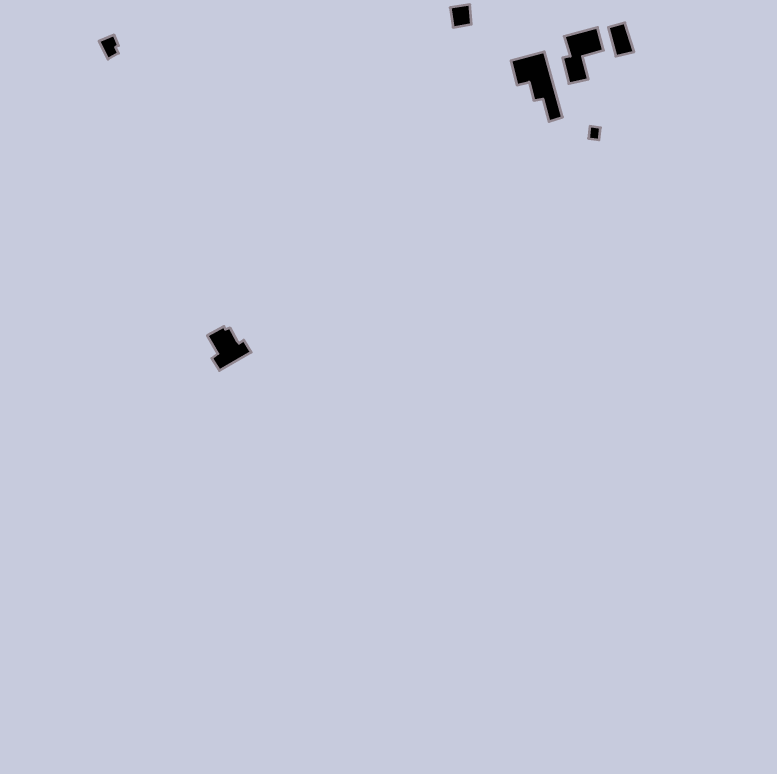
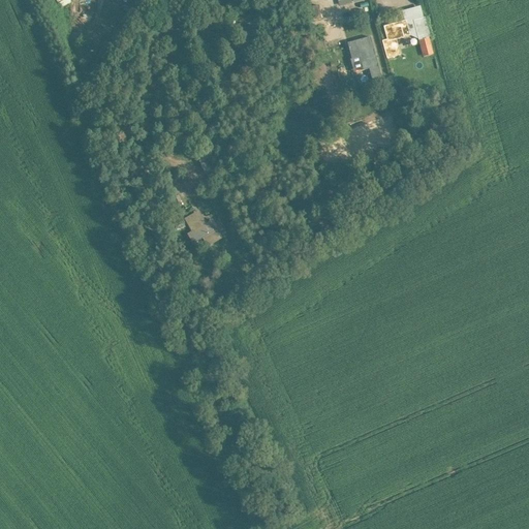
building: [207,326,251,371] -> [184,212,214,242]

